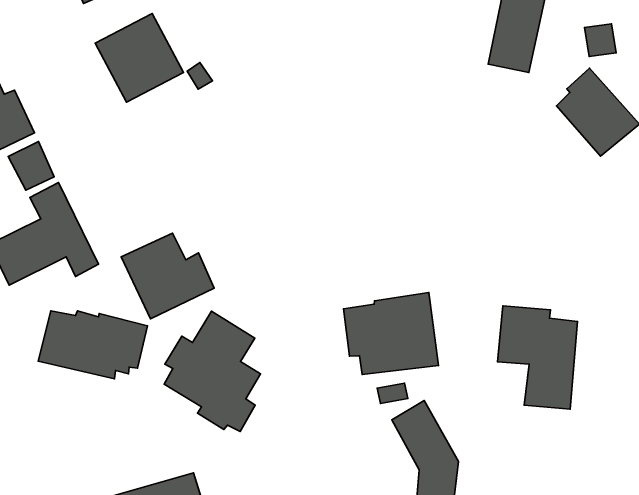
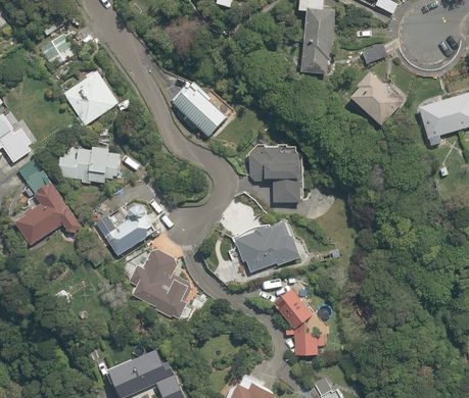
building: none -> [174,86,225,136]
building: [498,306,578,409] -> [250,145,299,205]
building: [38,311,148,379] -> [57,144,122,183]

